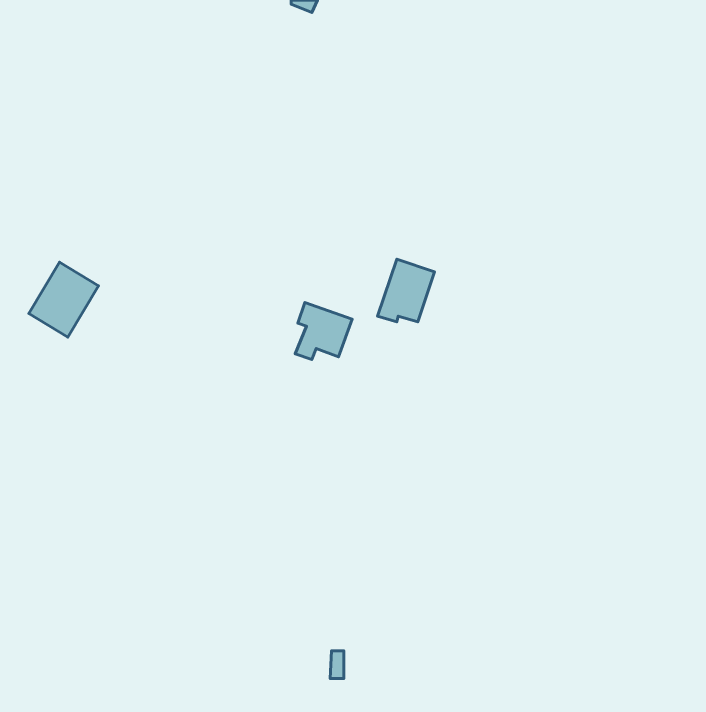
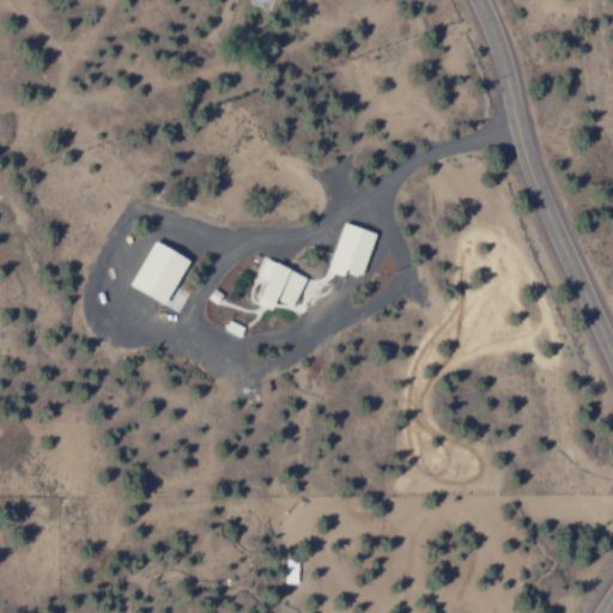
building: [29,262,99,337] -> [132,241,192,305]

